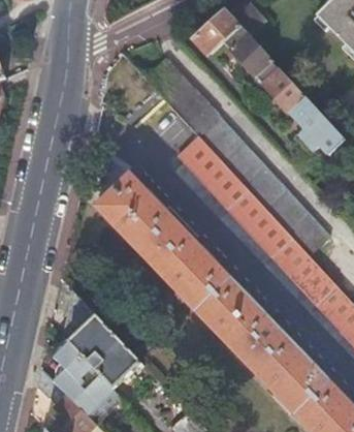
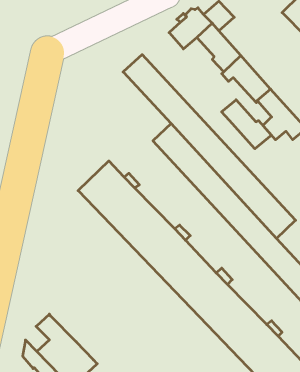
building: none -> [222,100,271,149]
building: [67,297,141,391] -> none

